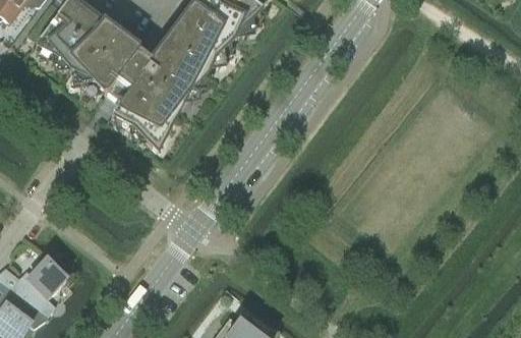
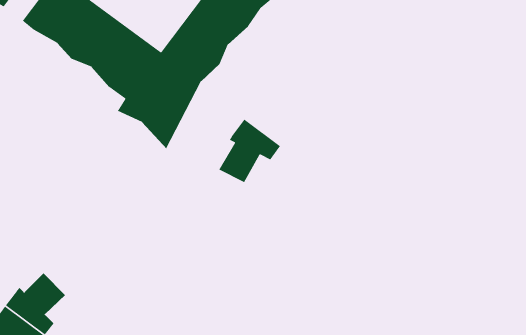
building: none -> [218,118,283,183]

